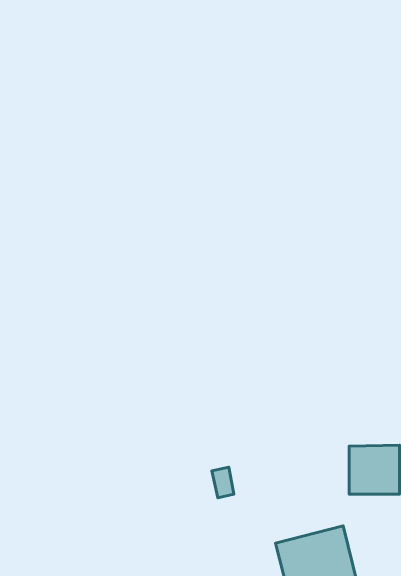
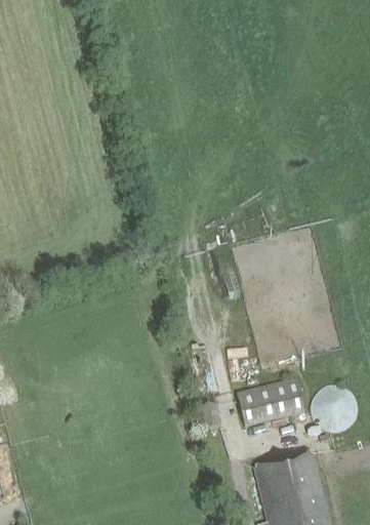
building: none -> [236,377,304,428]

